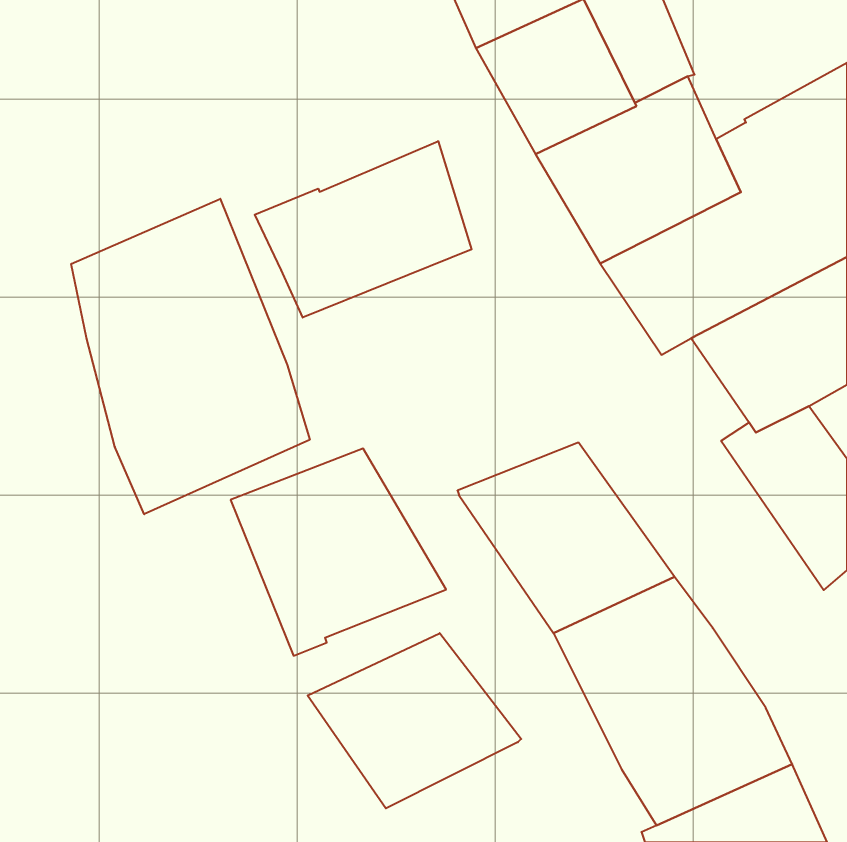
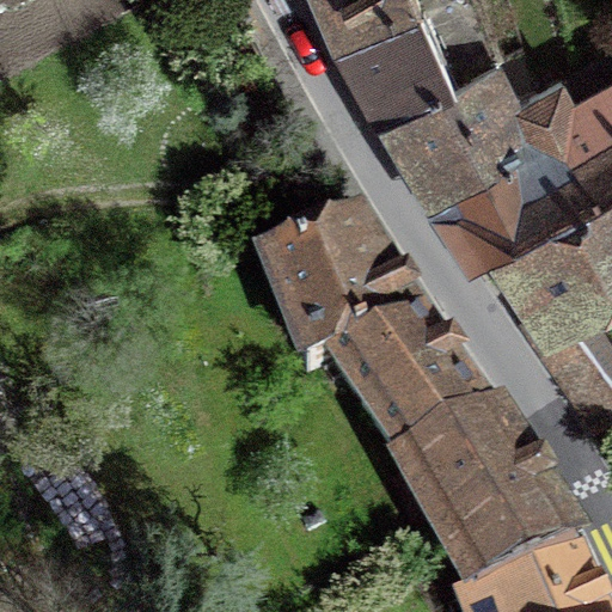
building: [255,141,472,318] -> none
building: [71,199,310,514] -> none
building: [231,449,446,656] -> [262,218,417,367]
building: [308,633,521,808] -> none

